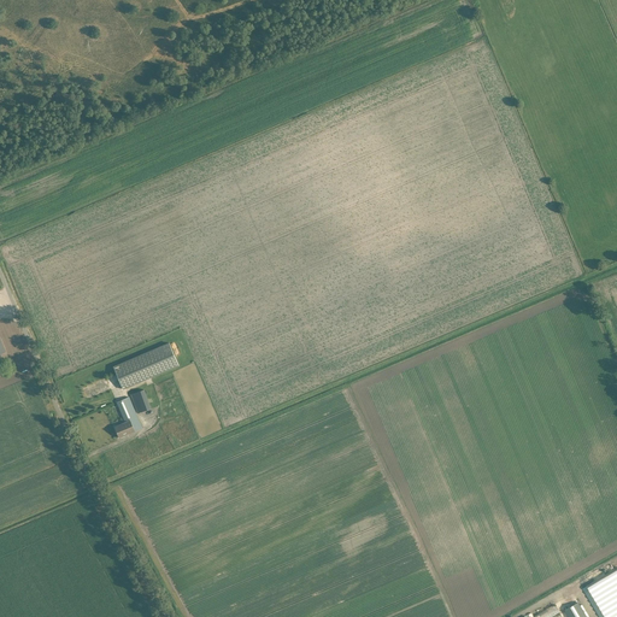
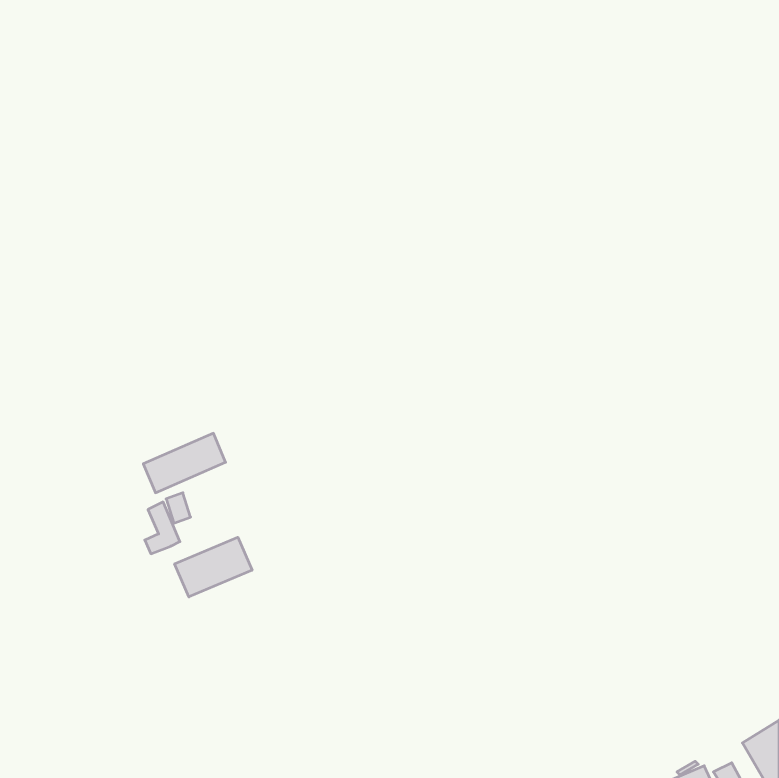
building: none -> [175,537,252,597]

